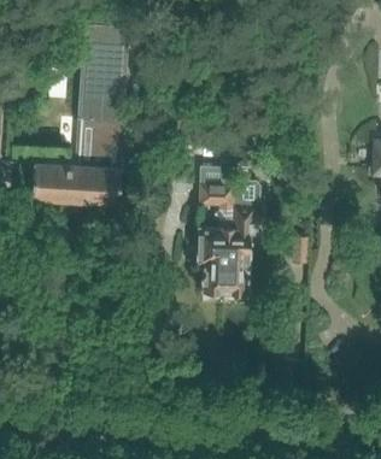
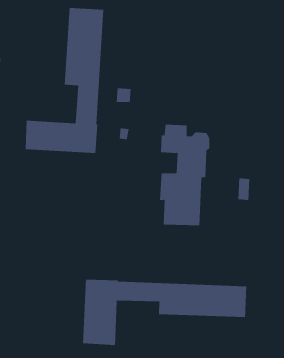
building: none -> [83,279,247,346]

